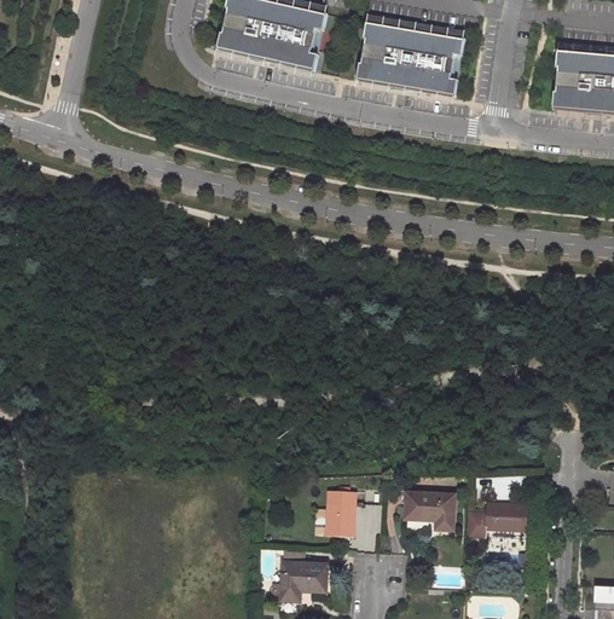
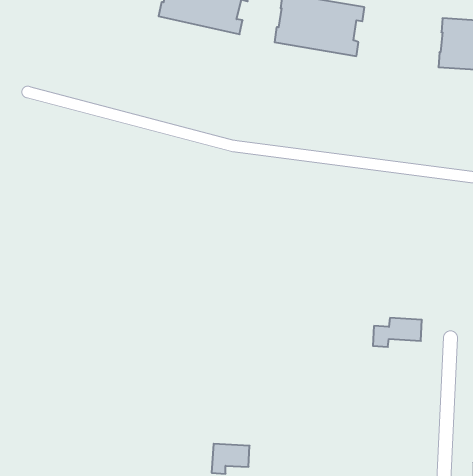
building: [326,491,357,537] -> none
building: [405,492,454,528] -> none
building: [468,503,527,538] -> [373,318,422,347]

